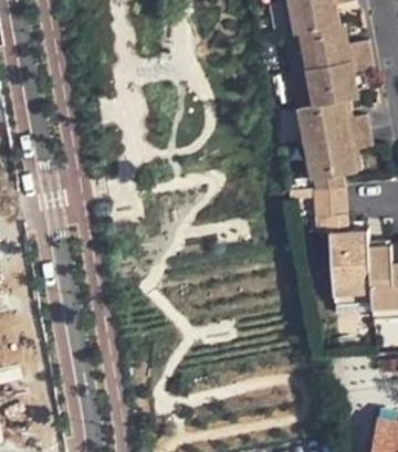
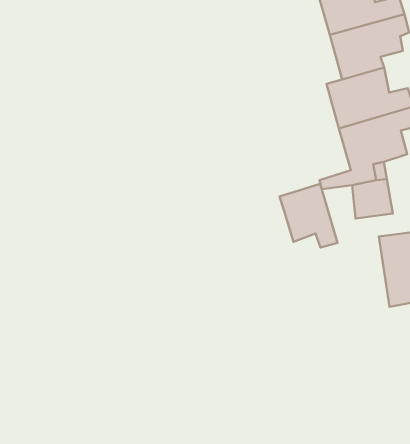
building: none -> [279,184,338,248]

